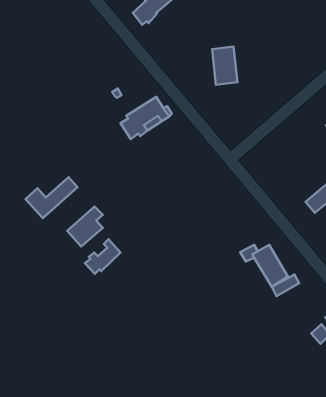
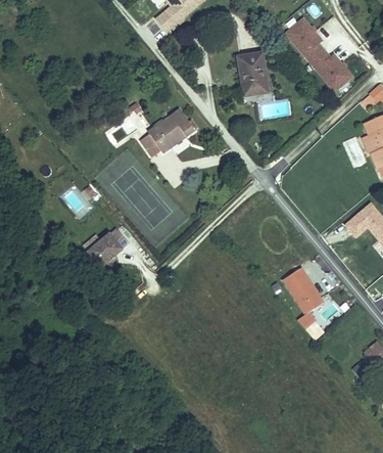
building: none -> [284,16,350,90]
building: [26,177,78,218] -> none
building: [85,239,121,274] -> none

